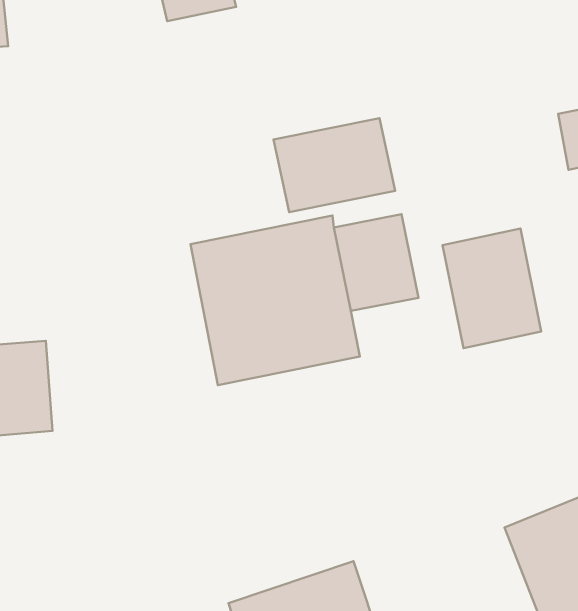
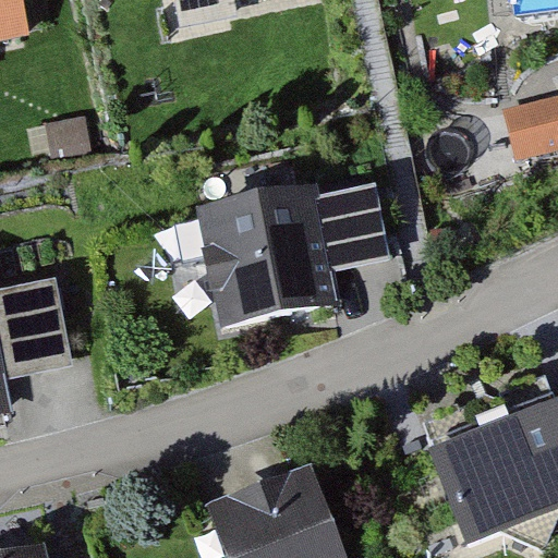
building: [274,118,395,212] -> none
building: [443,228,541,348] -> none

